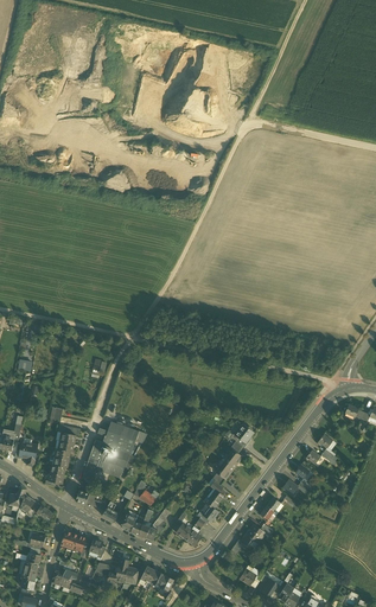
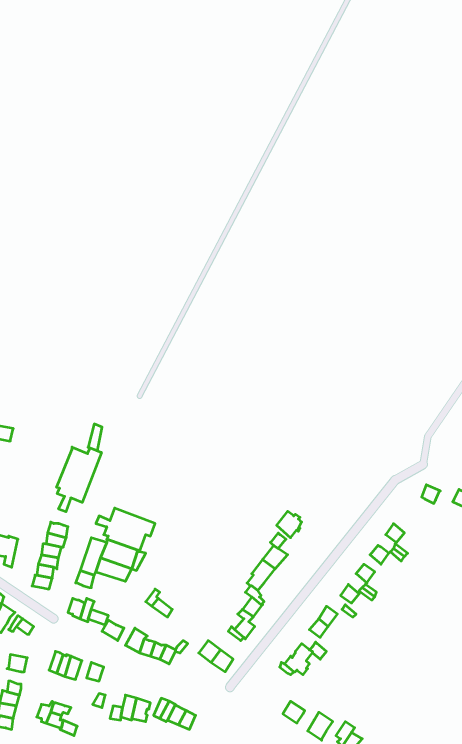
building: none -> [57,447,101,512]

